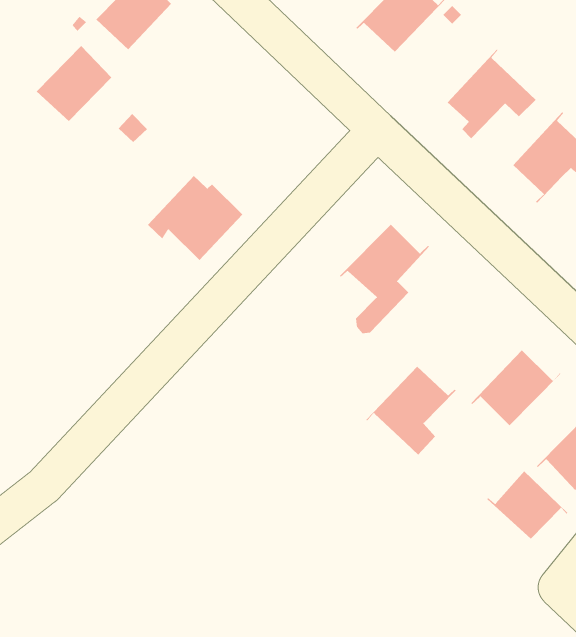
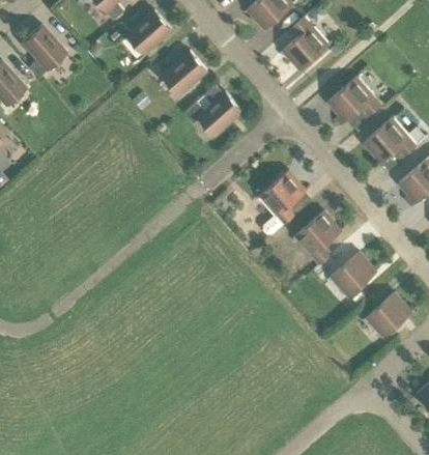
building: [36,45,112,122] -> [162,51,207,95]
building: [147,175,243,261] -> [185,86,242,137]
building: [366,366,456,456] -> [291,211,346,264]
building: [486,471,568,540] -> none

